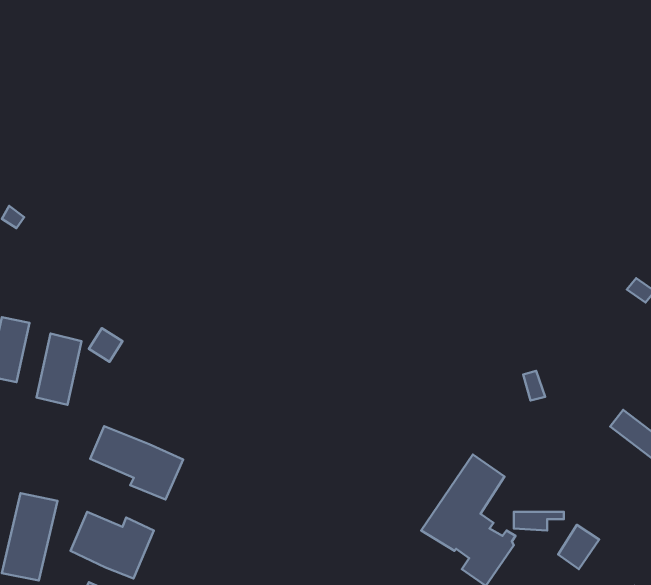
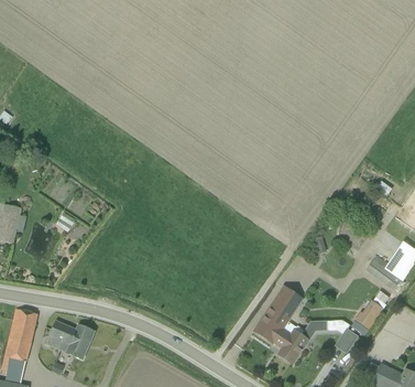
building: [36,334,82,405] -> none
building: [90,426,183,500] -> none
building: none -> [354,300,384,330]

